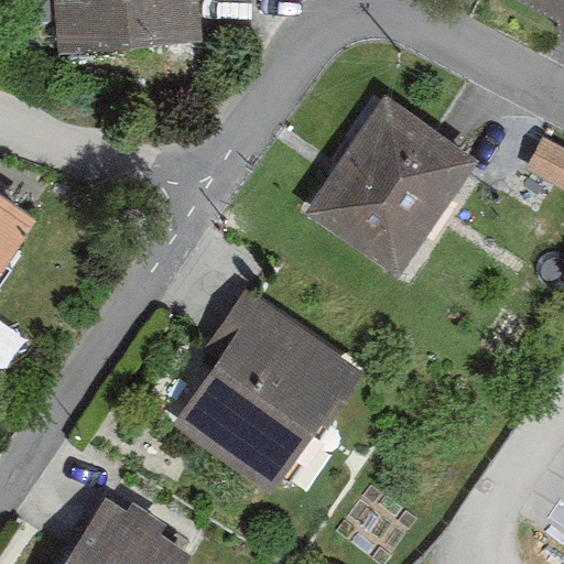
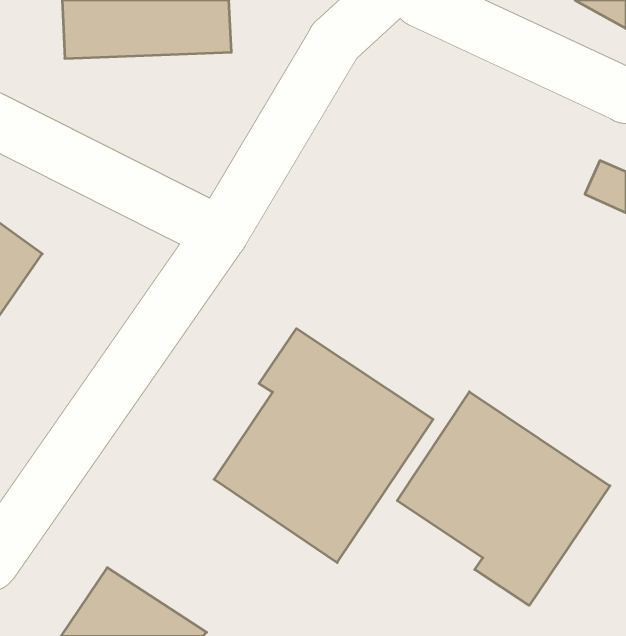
building: [296,90,467,265] -> none
building: none -> [397,392,610,605]

